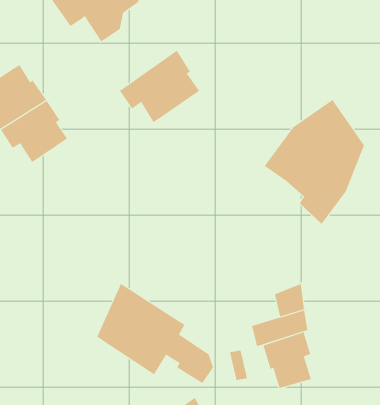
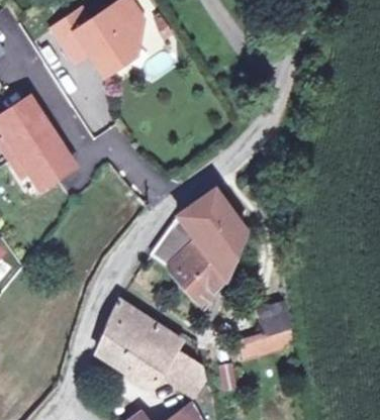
building: [119,50,200,123] -> none
building: [264,99,365,225] -> [153,190,246,306]
building: [263,332,312,389] -> none

